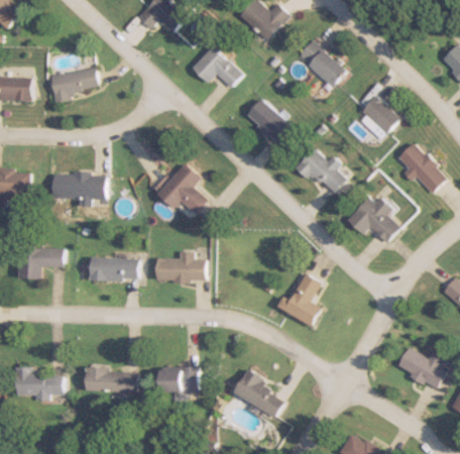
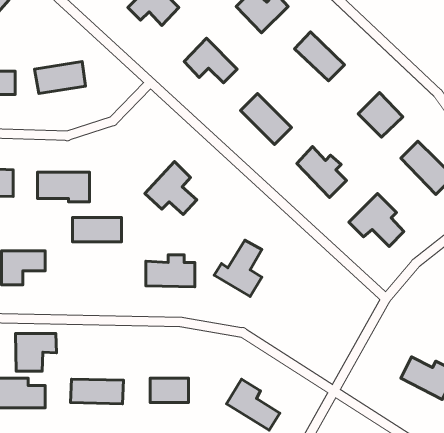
building: [89,257,135,280] -> [73,217,121,242]
building: [275,273,321,327] -> [214,240,262,296]
building: none -> [15,334,56,371]

